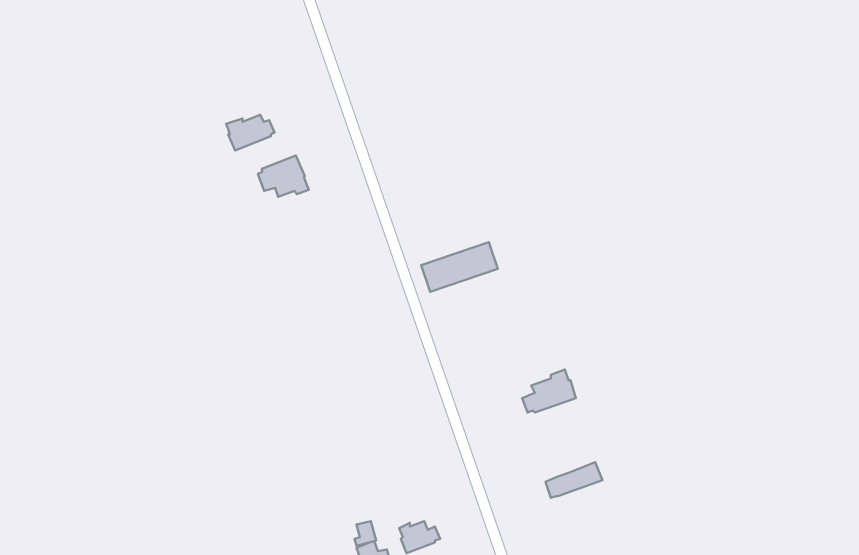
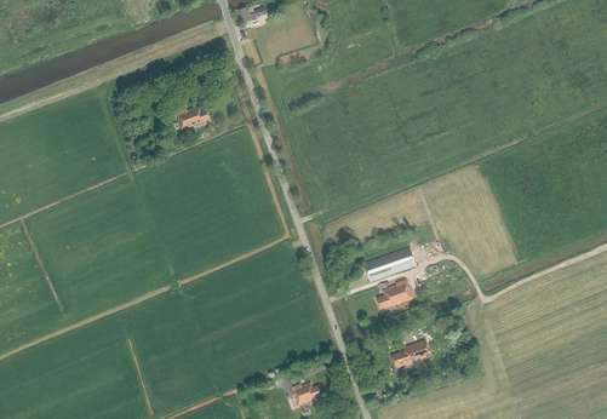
building: [258,155,309,197] -> none
building: [421,242,498,292] -> [363,247,416,281]

